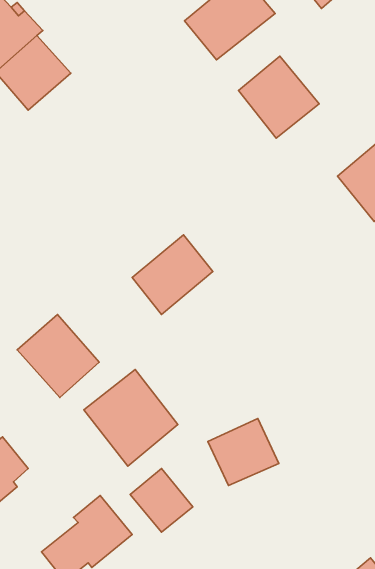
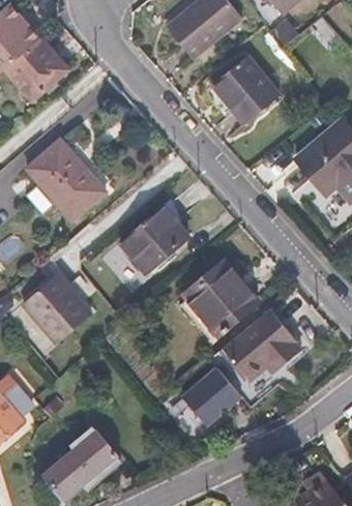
building: none -> [27,139,107,220]
building: none -> [224,308,302,378]
building: [84,370,178,466] -> [182,258,262,339]
building: [130,468,193,532] -> none

